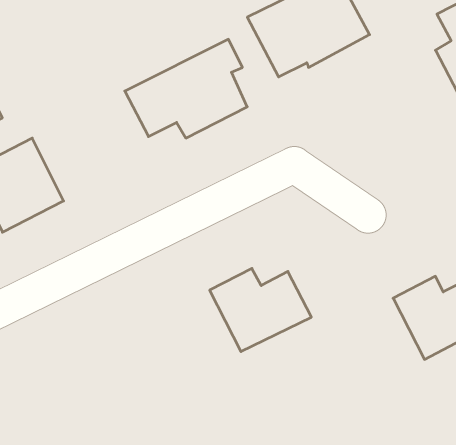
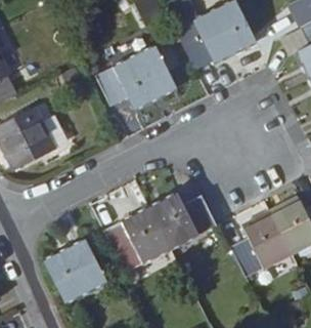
building: none -> [103,207,170,284]
building: none -> [230,212,290,275]
building: none -> [45,241,105,301]

